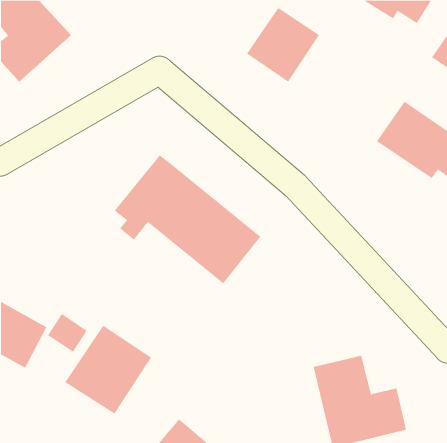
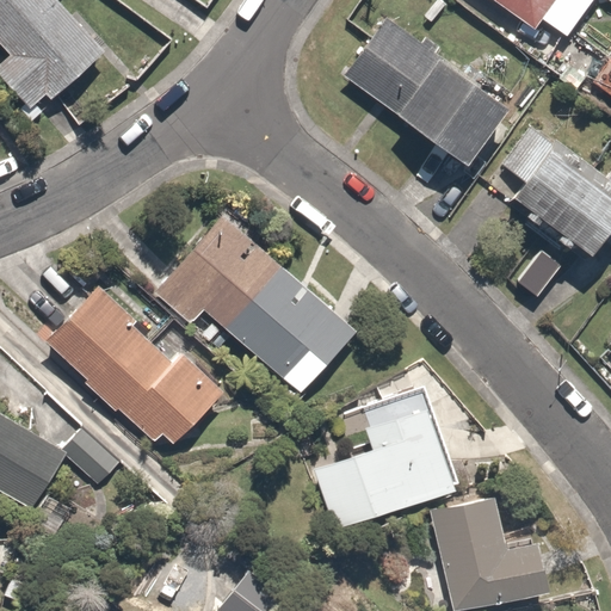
building: none -> [394,55,507,166]
building: none -> [44,283,223,445]
building: none -> [310,402,459,530]
building: [65,325,152,415] -> none

